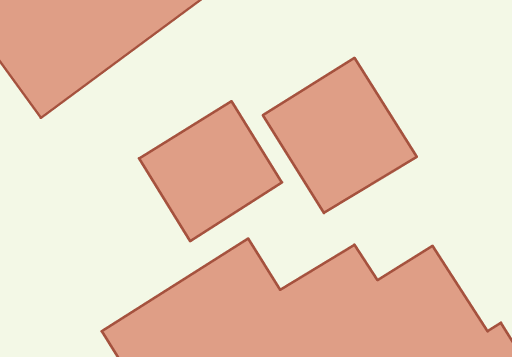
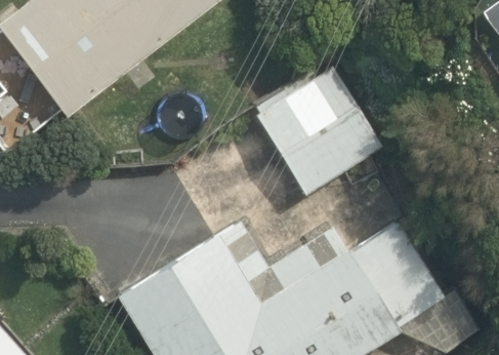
building: [139,101,282,241] -> none

